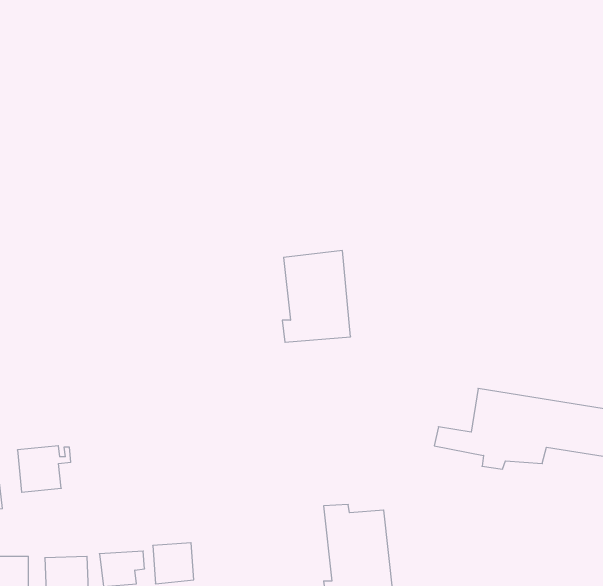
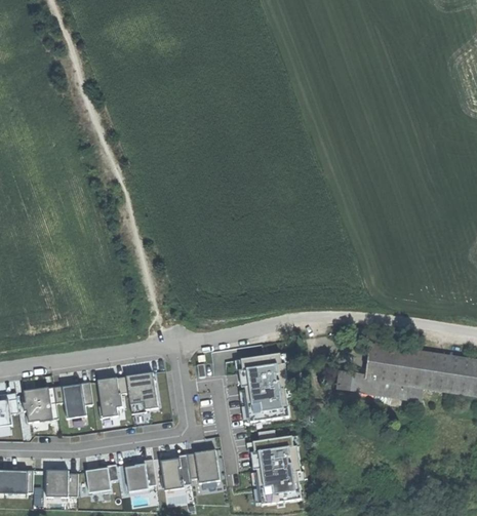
building: [282,251,351,342] -> [239,352,290,421]
building: none -> [93,372,157,416]
building: none -> [62,383,89,418]
building: none -> [159,450,220,487]

